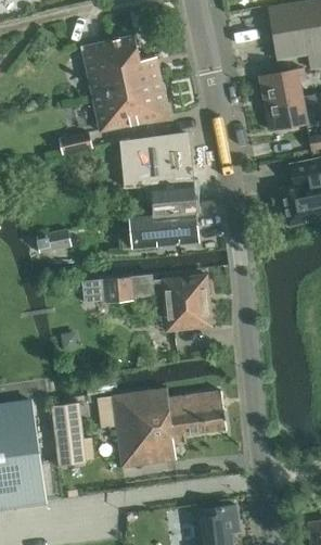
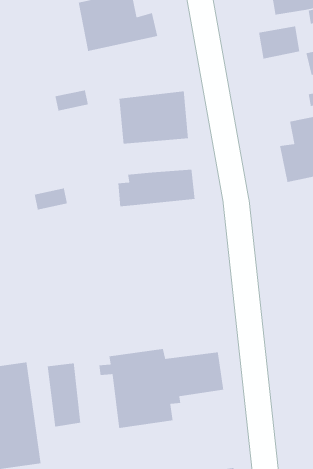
building: [91,79,168,130] -> none
building: [264,94,306,129] -> none
building: [138,180,194,213] -> none
building: [81,274,211,330] -> none

